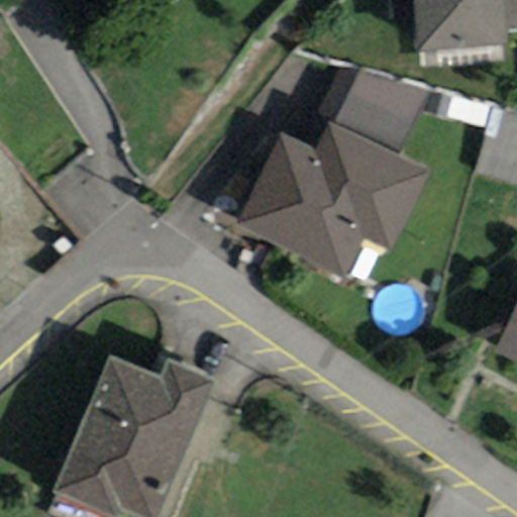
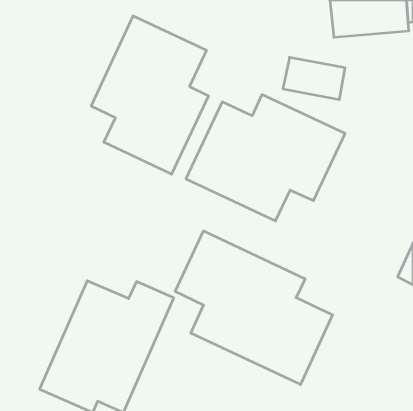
building: none -> [91,16,208,174]
building: none -> [175,231,333,385]

